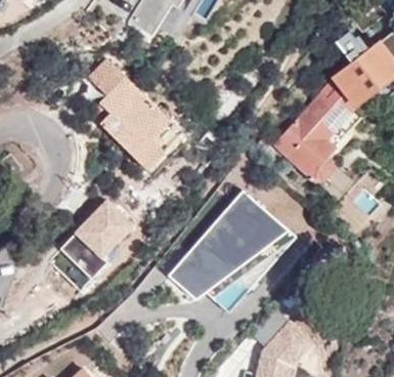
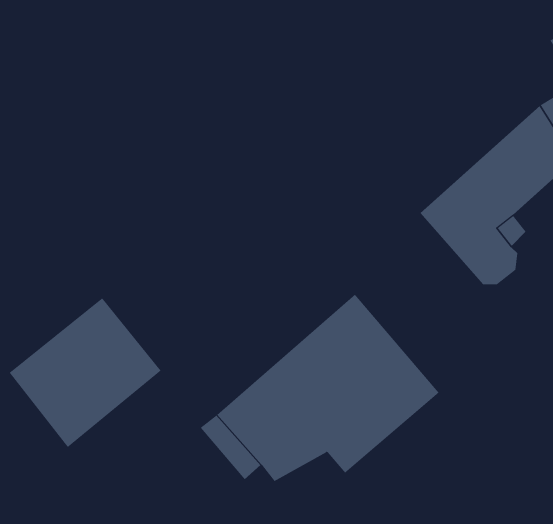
building: [84,55,185,172] -> none

